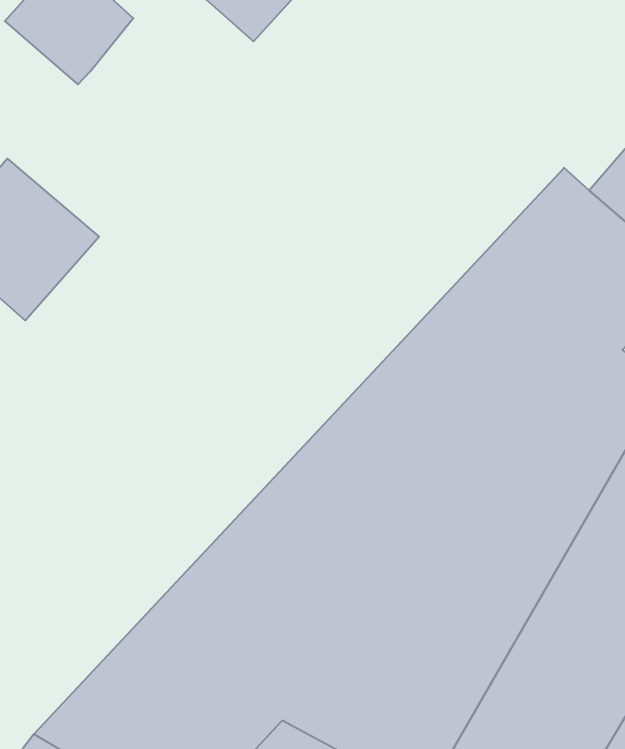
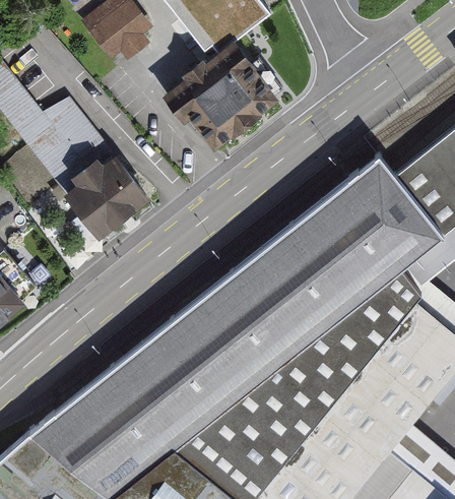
building: none -> [173,46,281,153]
building: none -> [65,151,152,237]

